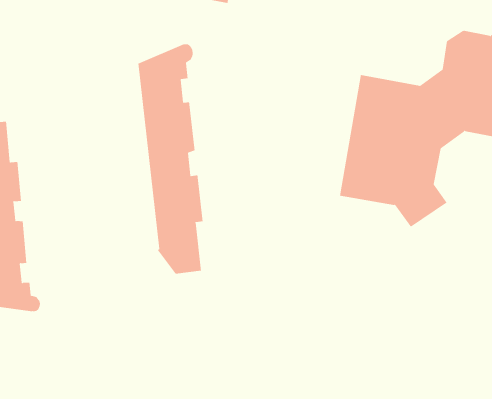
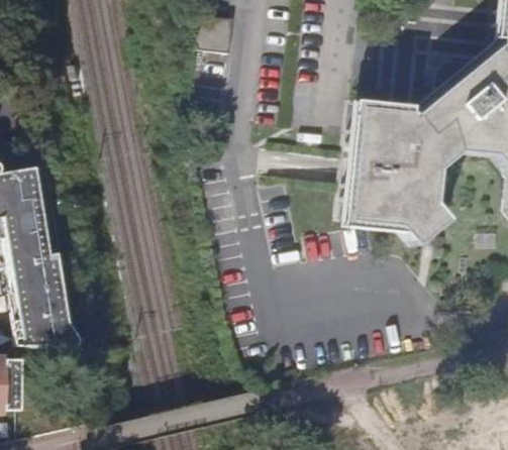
building: [138,43,203,274] -> none

